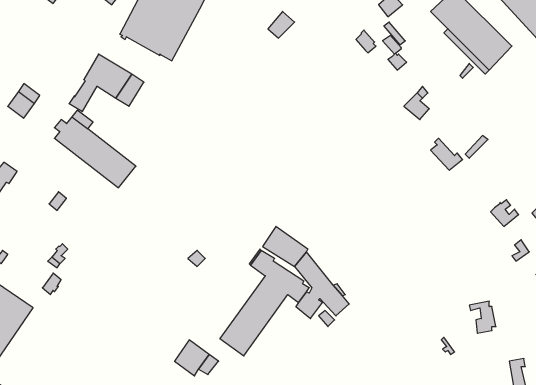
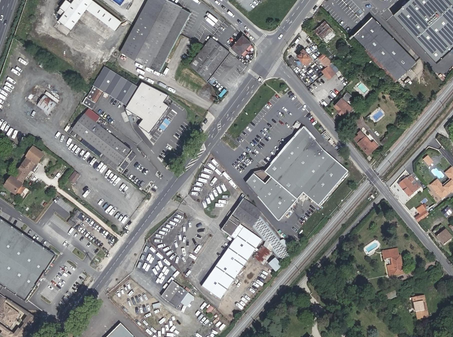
building: none -> [189,38,229,81]
building: none -> [128,83,169,134]
building: none -> [247,127,350,222]

